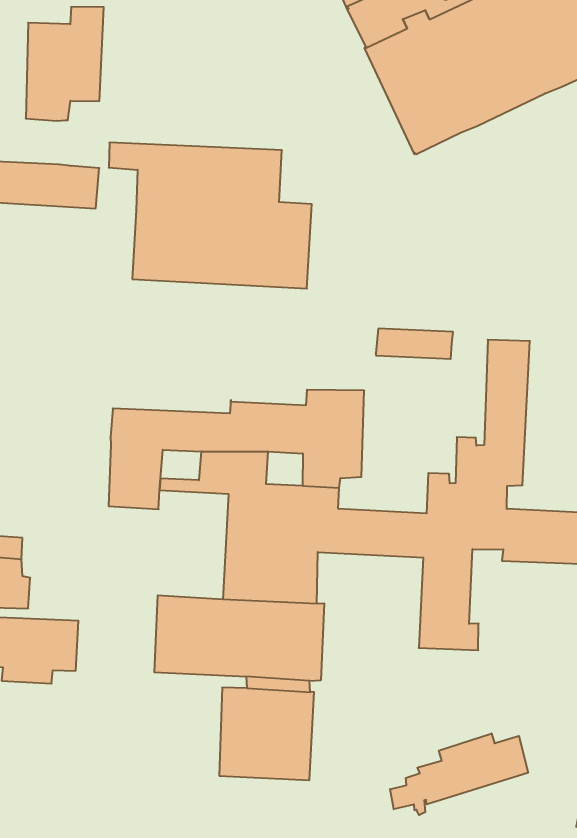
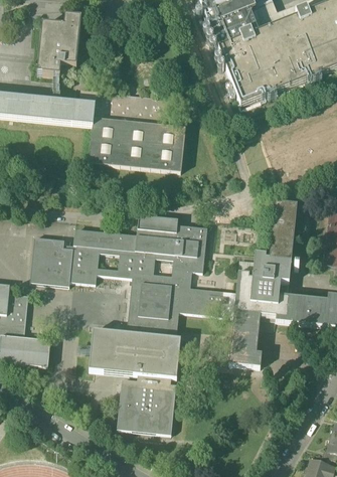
building: none -> [71,103,95,126]
building: [376,329,453,359] -> [137,215,178,233]
building: none -> [29,237,72,286]
building: [390,733,528,815] -> none

